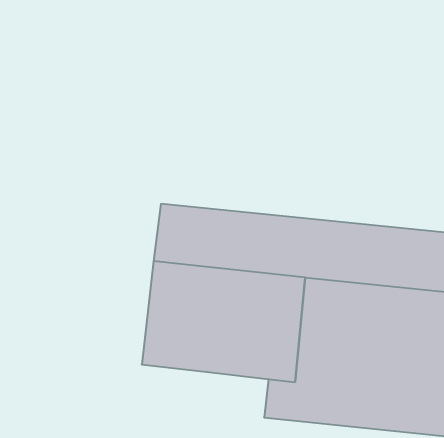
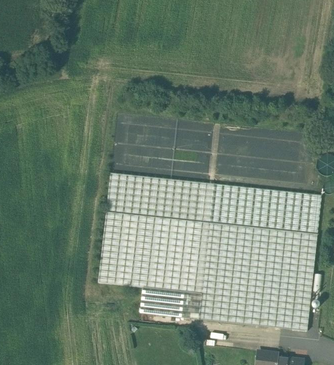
building: none -> [141,286,185,317]

